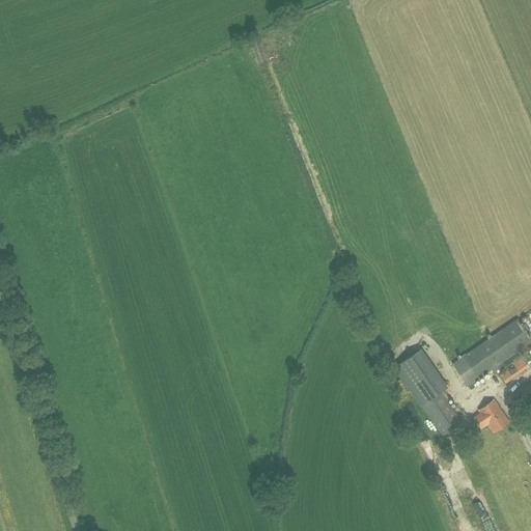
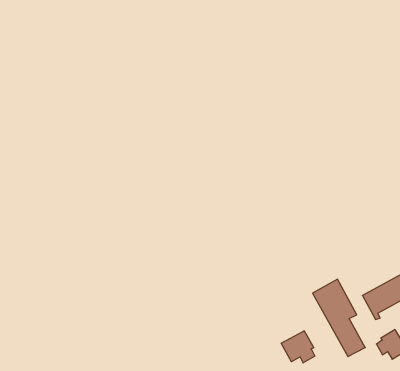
building: none -> [281,331,315,363]

